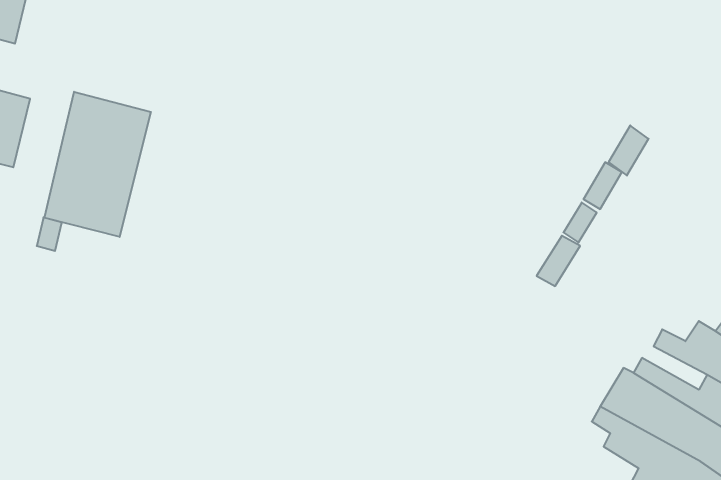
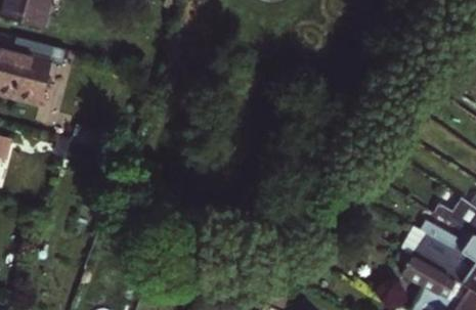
building: [45,92,151,237] -> none

